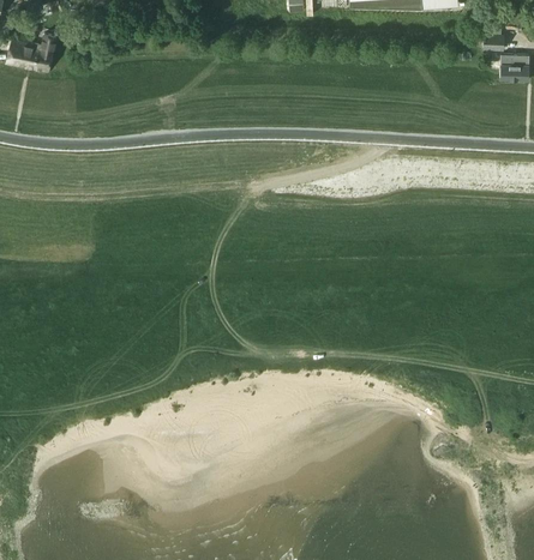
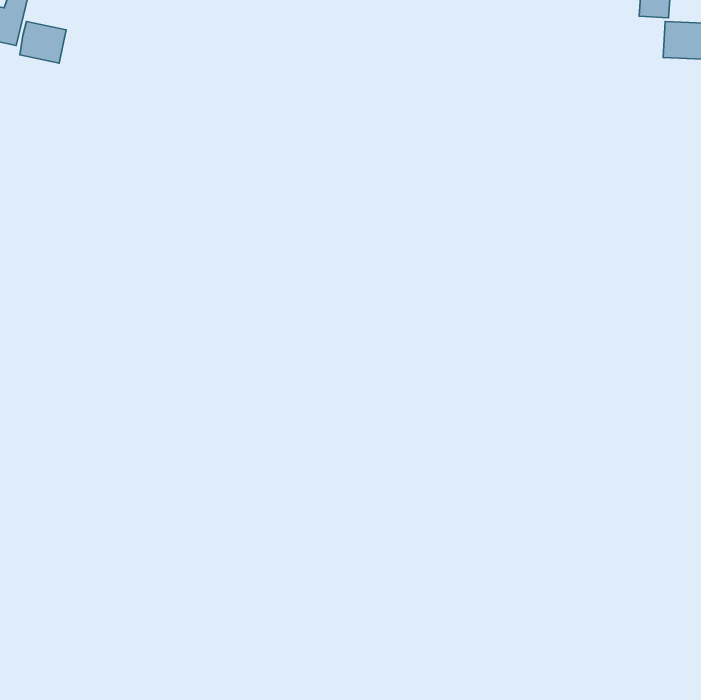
building: none -> [20,21,66,63]

